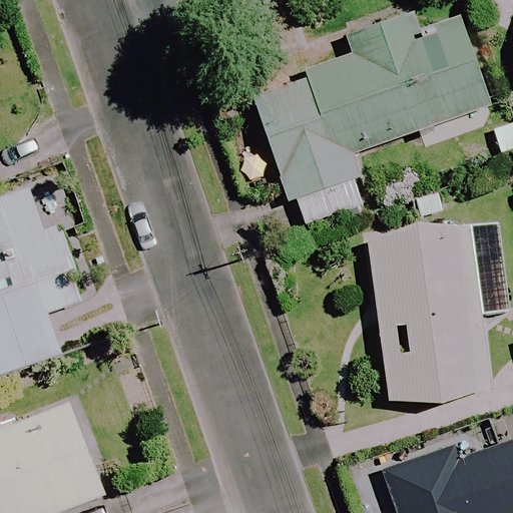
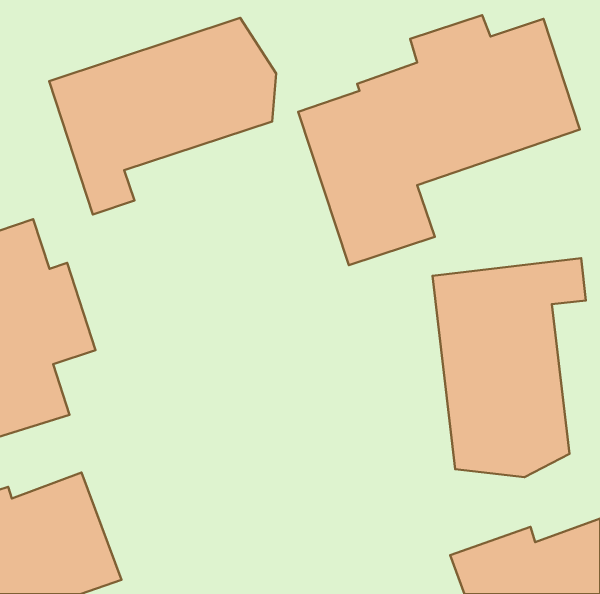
building: none -> [49,18,276,215]

